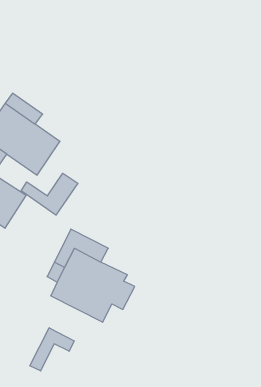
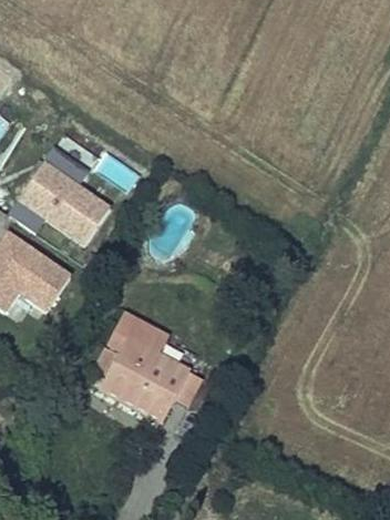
building: [21,173,78,215] -> none
building: [30,328,74,371] -> none

